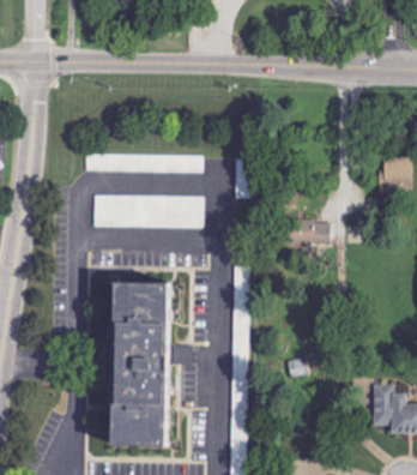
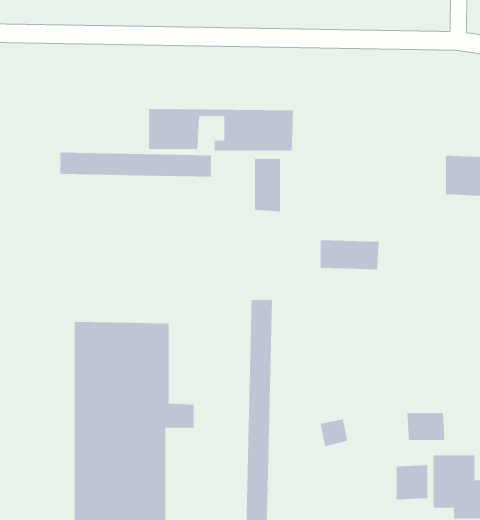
building: [95,194,206,227] -> [148,109,294,151]
building: none -> [407,412,445,441]
building: none -> [396,464,428,500]

